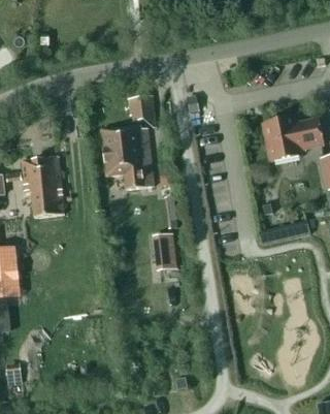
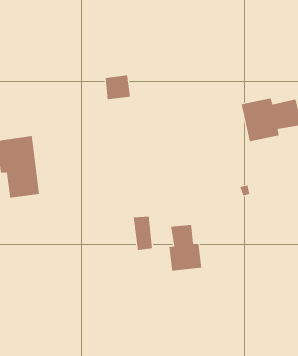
building: [99,124,155,189] -> none
building: none -> [169,224,202,272]

